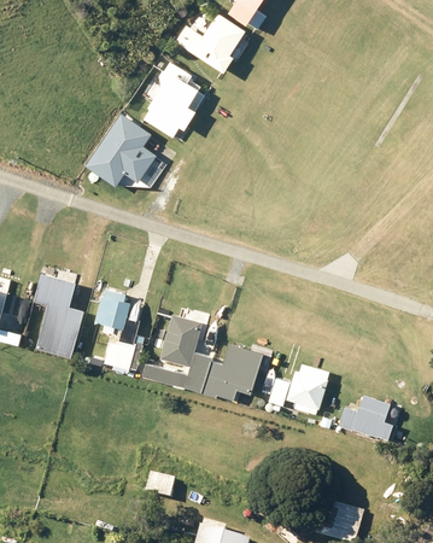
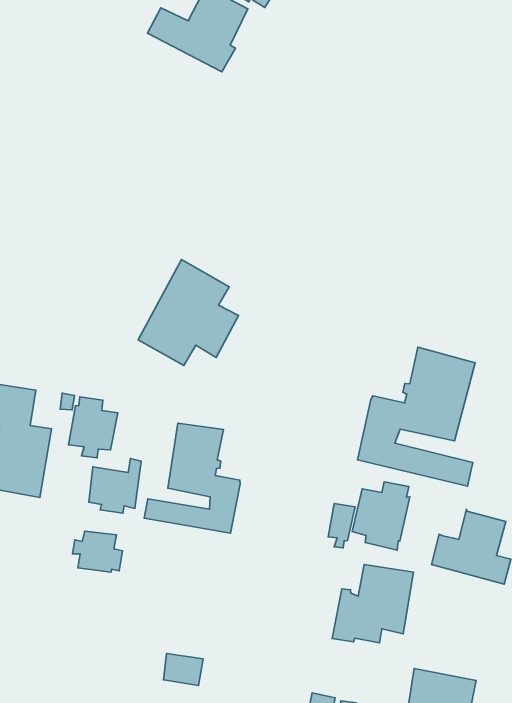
building: [144,60,204,138] -> none
building: [86,112,157,186] -> [138,260,238,365]
building: none -> [358,347,475,486]
building: [201,344,262,399] -> [332,564,413,643]
building: none -> [72,531,123,572]

